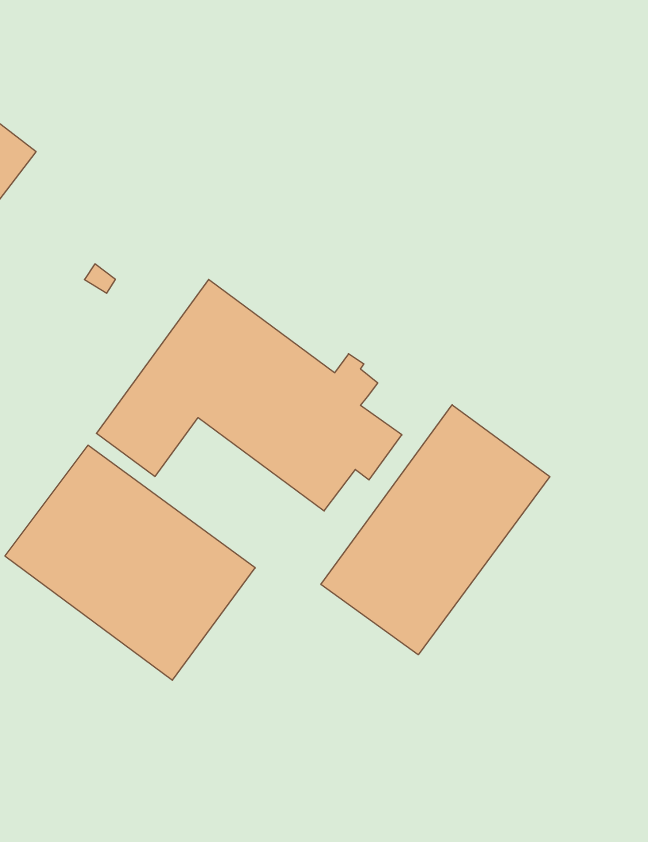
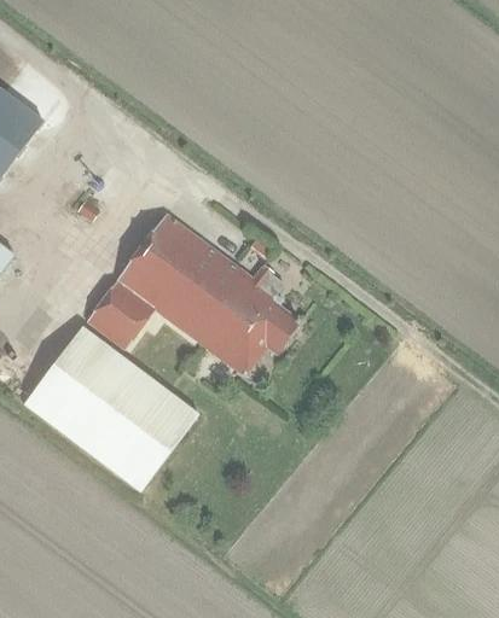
building: [321,405,550,655] -> none

